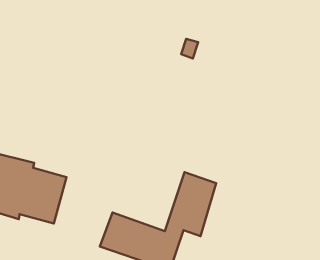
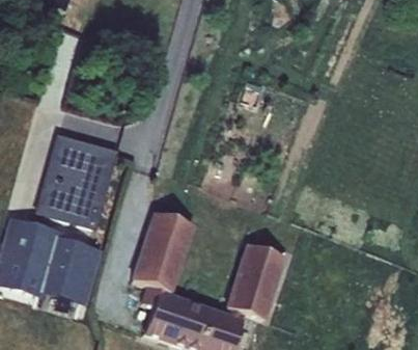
building: none -> [39,136,115,225]
building: none -> [134,211,193,291]

